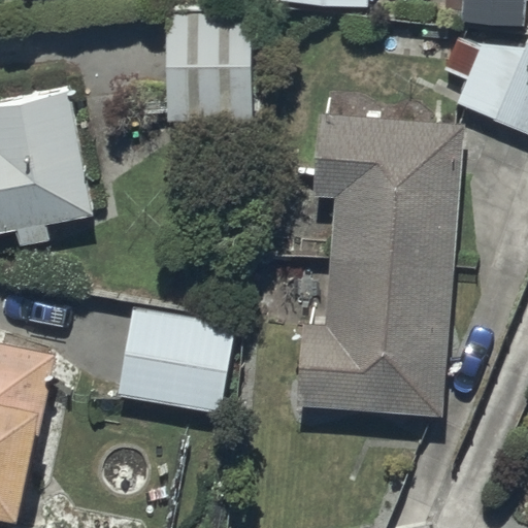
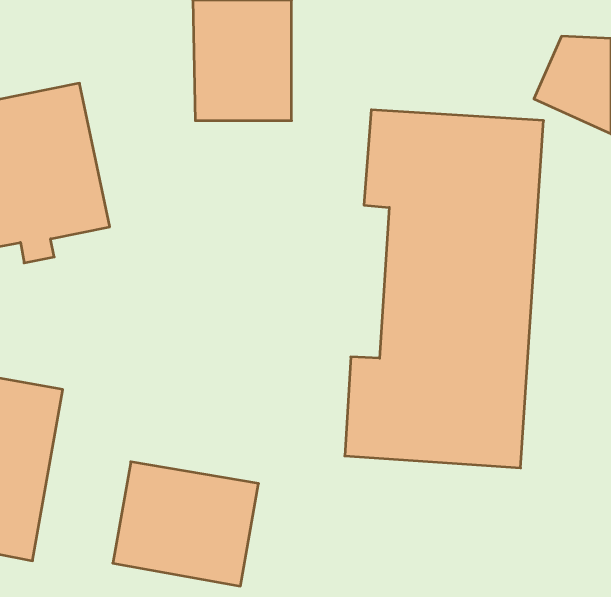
building: [116,310,240,417] -> [113,462,259,586]

